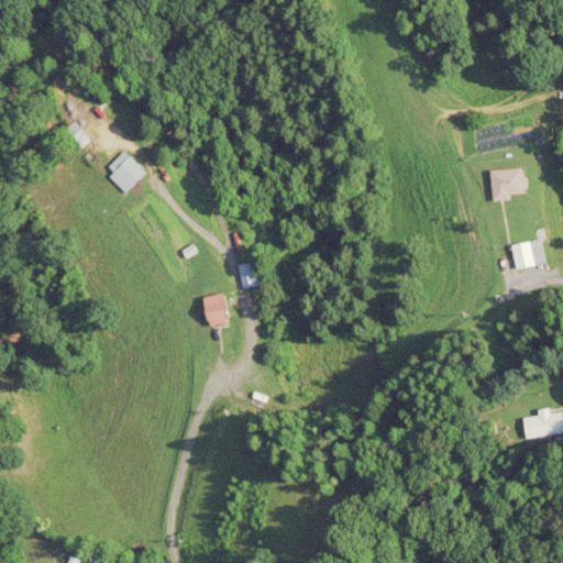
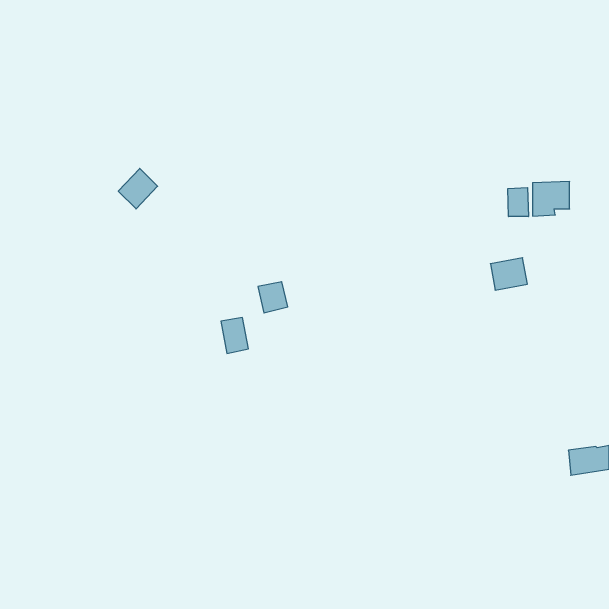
building: none -> [508,188,528,217]
building: [511,240,545,269] -> [490,258,527,290]

